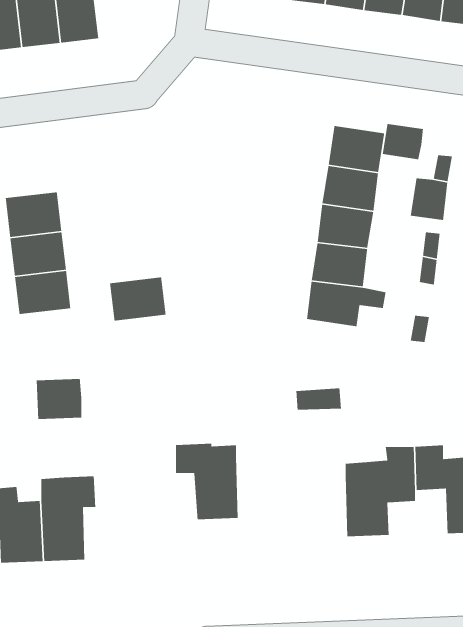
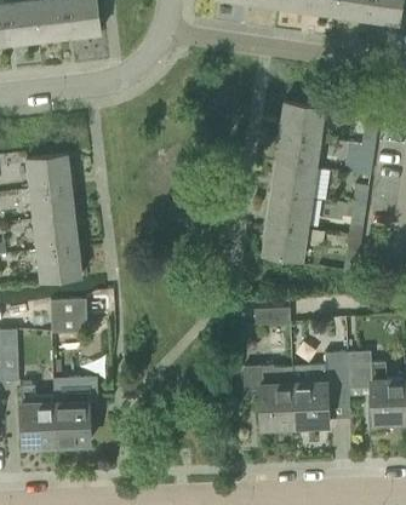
building: [382,123,424,160] -> none
building: [109,277,166,321] -> [36,246,81,281]
building: [175,443,238,520] -> [244,366,293,426]

